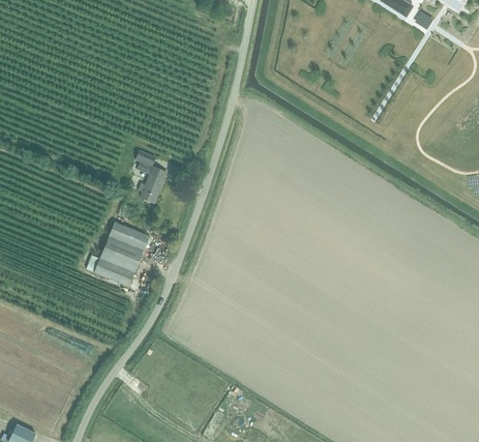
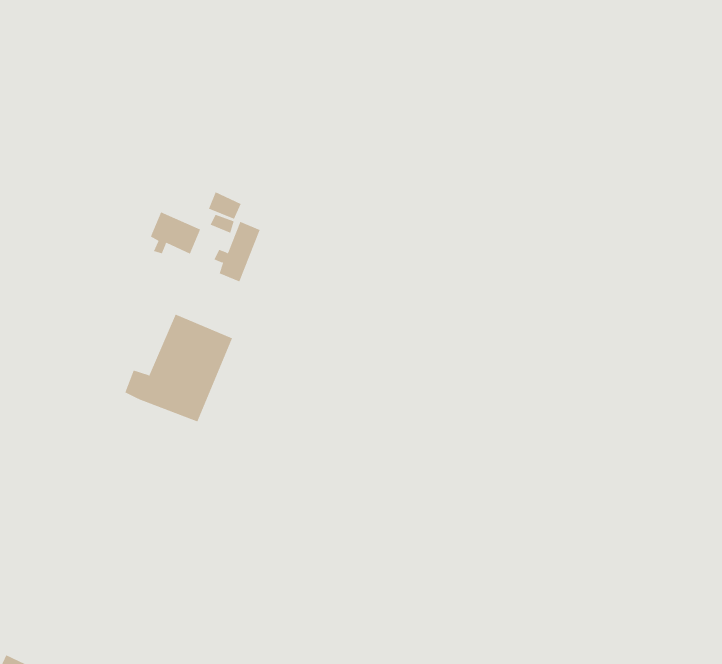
building: none -> [150,212,201,255]

